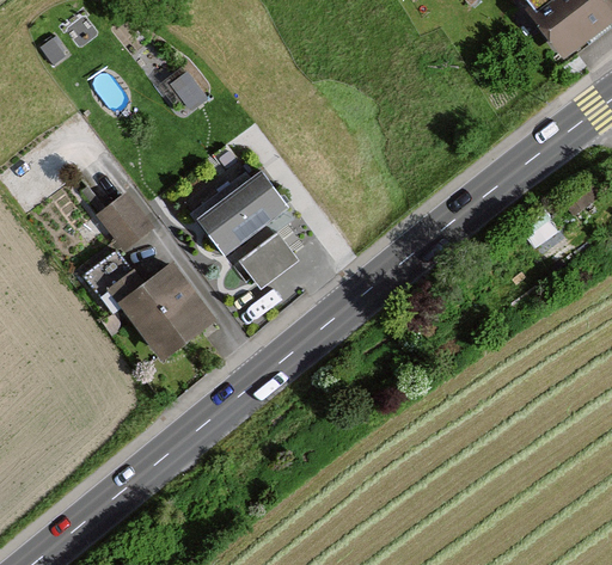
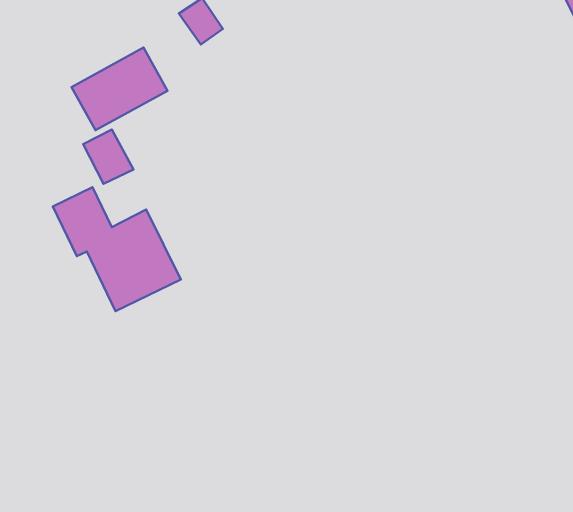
building: [196,172,284,256] -> [72,47,167,130]
building: [240,234,296,287] -> none

